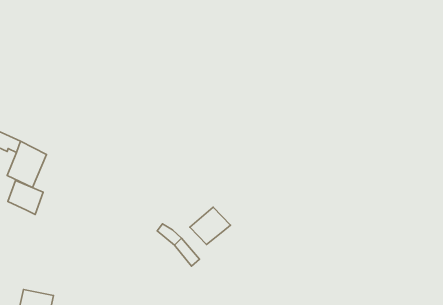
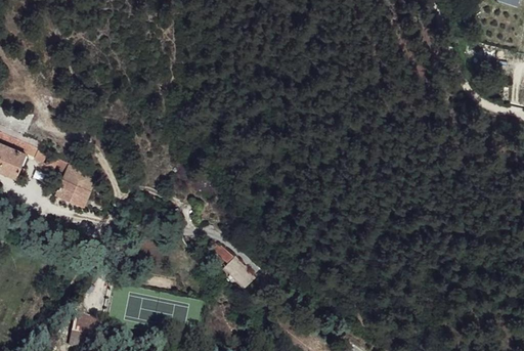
building: [8,180,43,214] -> none
building: [190,207,231,245] -> none

